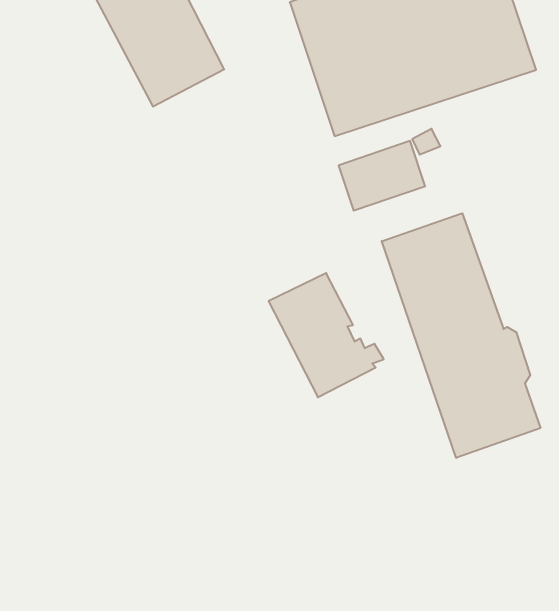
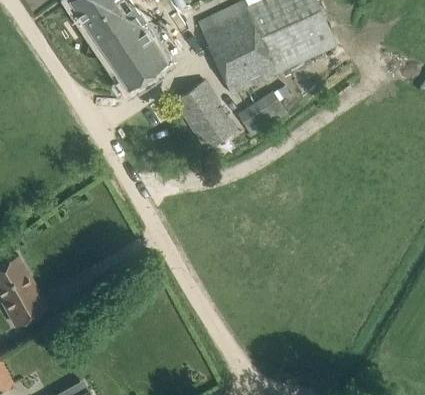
building: [382,213,540,458] -> none
building: [269,273,384,397] -> [174,81,241,150]

